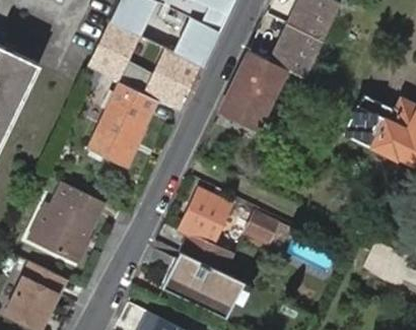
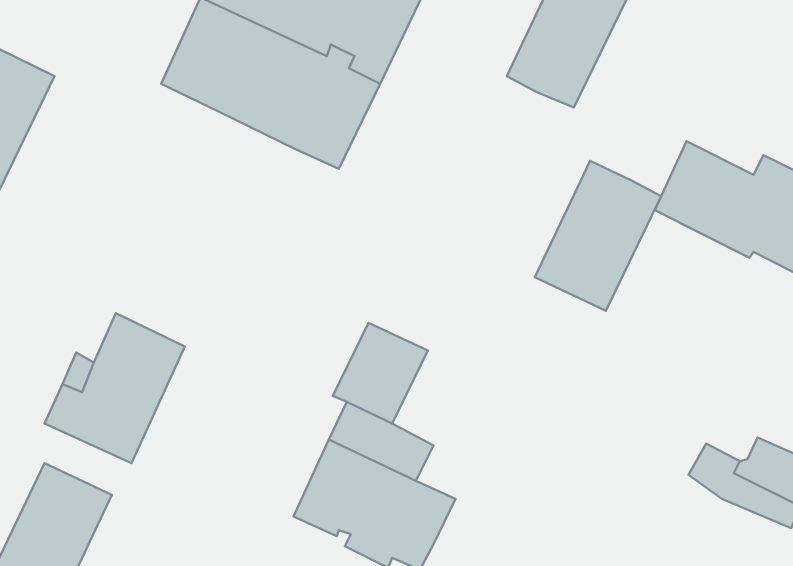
building: [218,52,283,129] -> [535,161,661,311]
building: [87,80,159,166] -> none
building: [245,210,291,248] -> none

